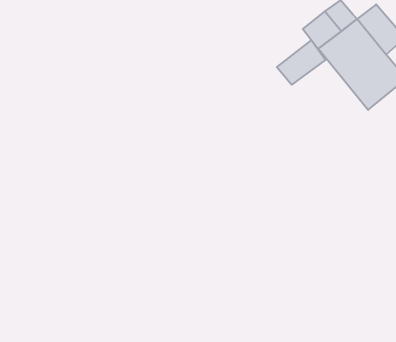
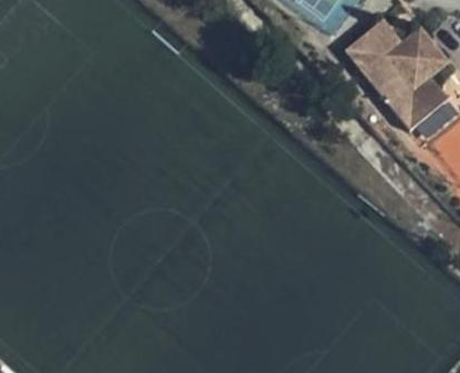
building: [277,40,326,85] -> none

